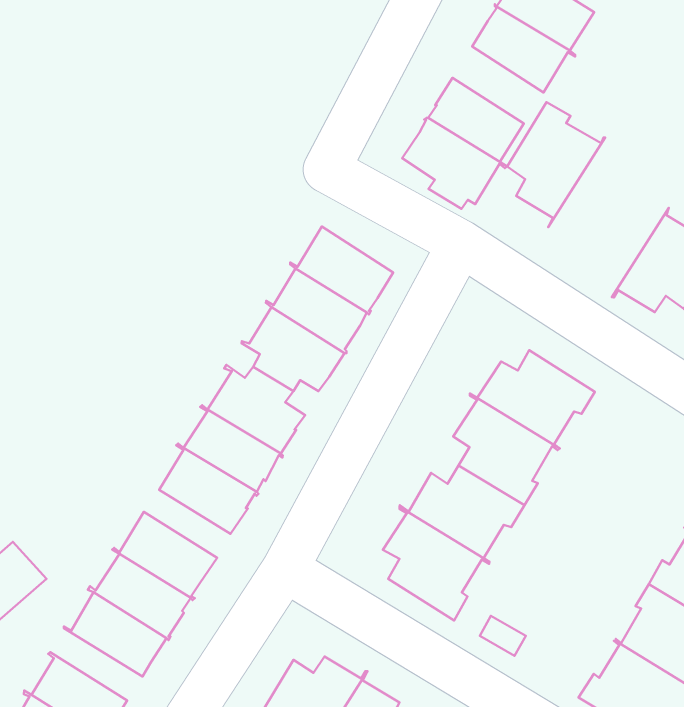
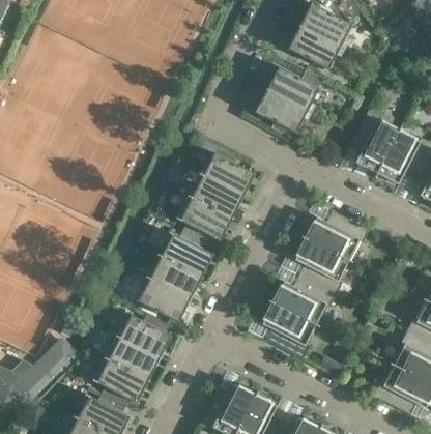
building: [507,102,605,227] -> [348,110,400,177]

